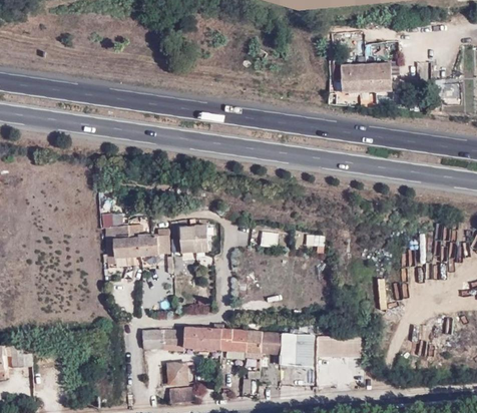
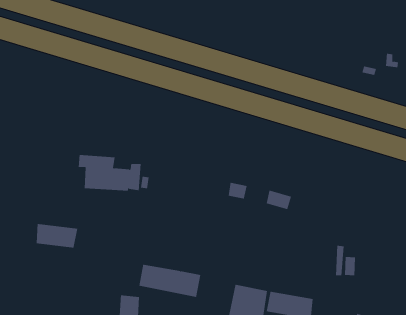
building: [340,63,391,93] -> none
building: [179,225,207,253] -> none
building: [141,329,183,350] -> [36,223,78,248]
building: [245,331,278,355] -> none

